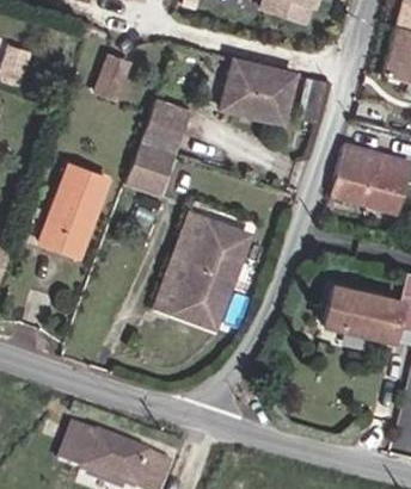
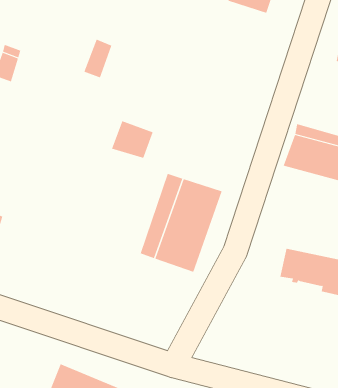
building: [221,55,295,119] -> none
building: [143,95,197,157] -> none
building: [48,163,111,254] -> none

